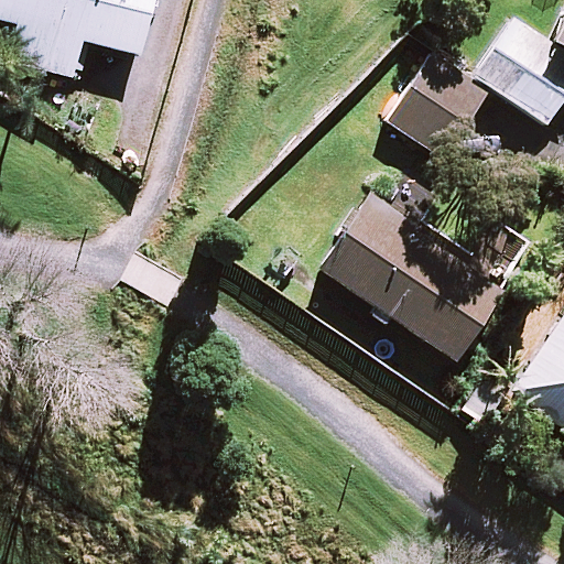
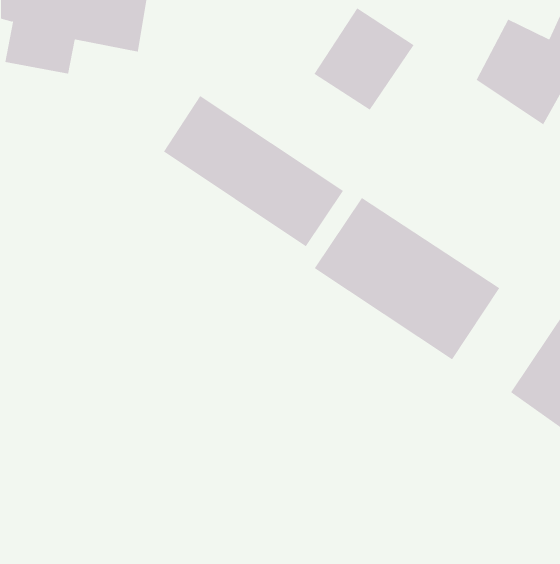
building: [389,55,489,158] -> [314,7,414,110]
building: none -> [163,95,344,247]

